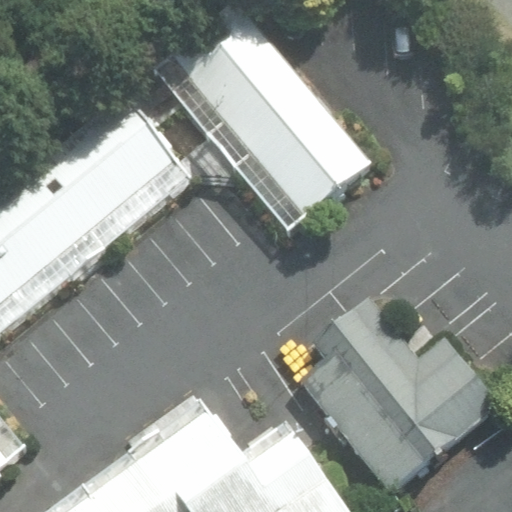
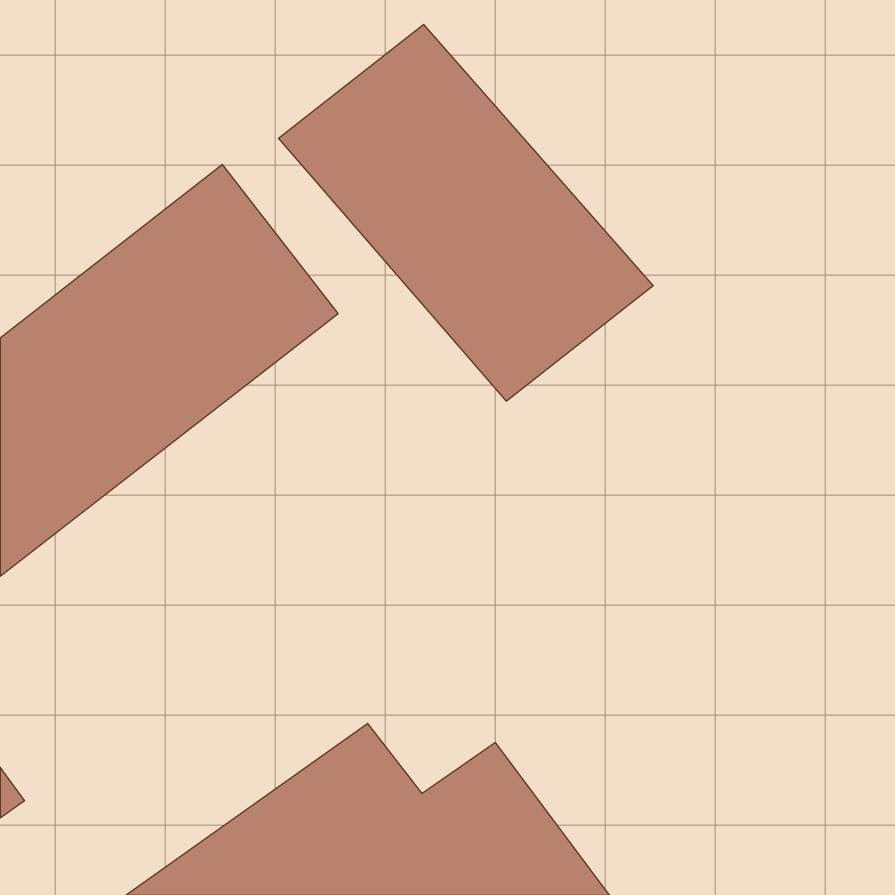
building: [301,288,496,493] -> none

